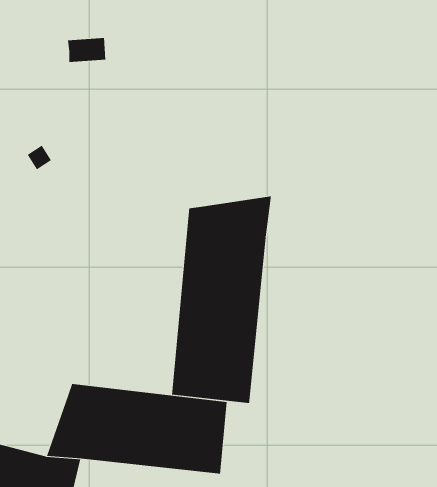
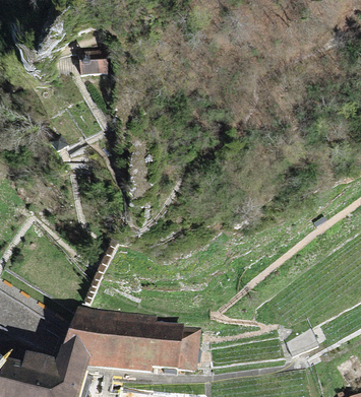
building: [171,196,271,404] -> none

